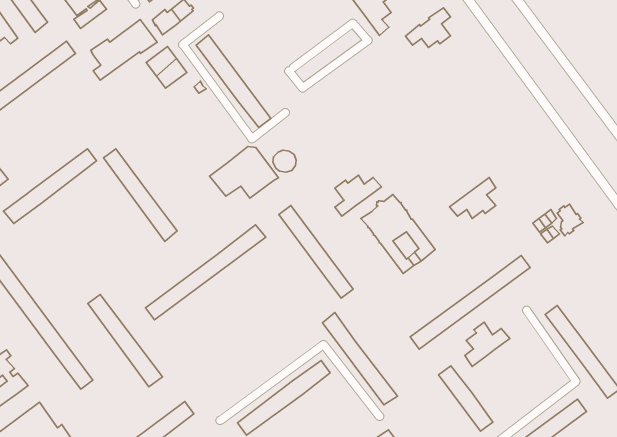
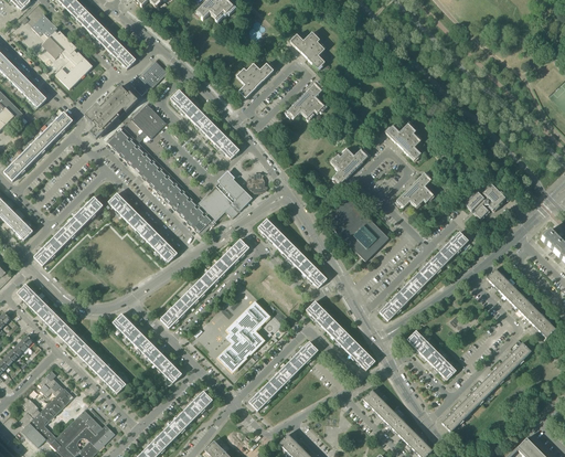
building: [406,8,450,48] -> [287,84,323,118]
building: none -> [236,63,273,98]
building: none -> [108,128,212,233]
building: none -> [385,124,420,160]
building: [335,175,381,216] -> [330,149,367,184]
building: none -> [216,300,270,373]
building: [465,322,510,367] -> none

